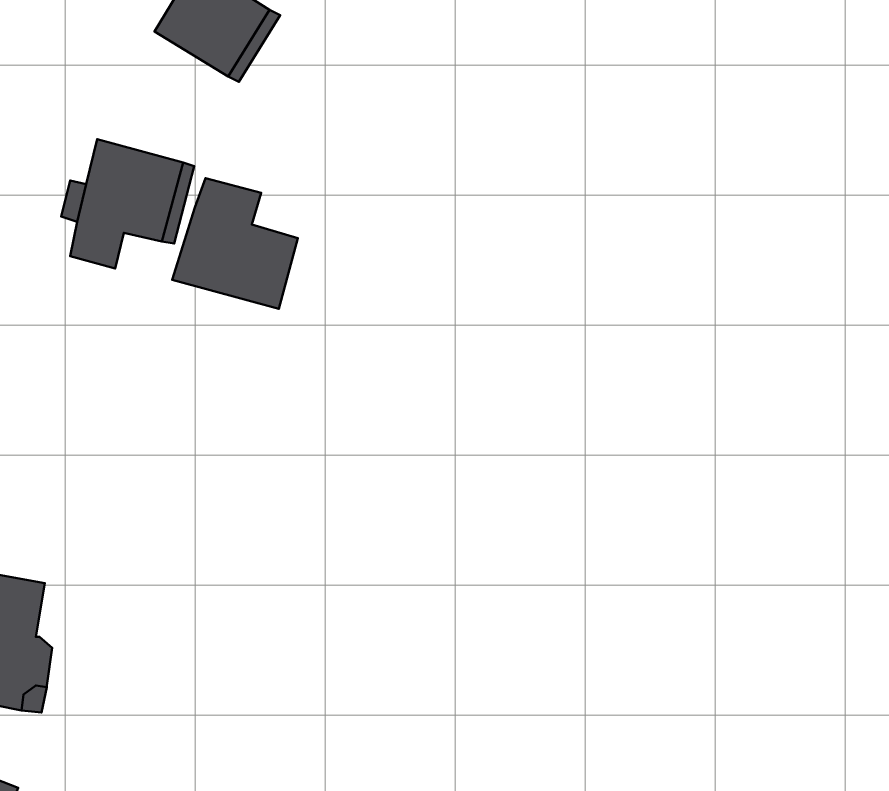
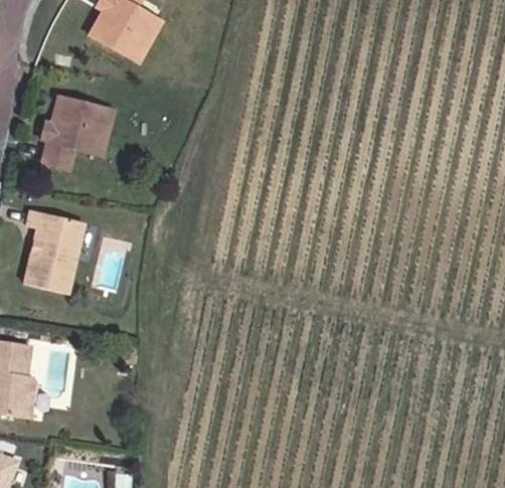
building: [172,178,298,309] -> none
building: none -> [24,209,82,292]

